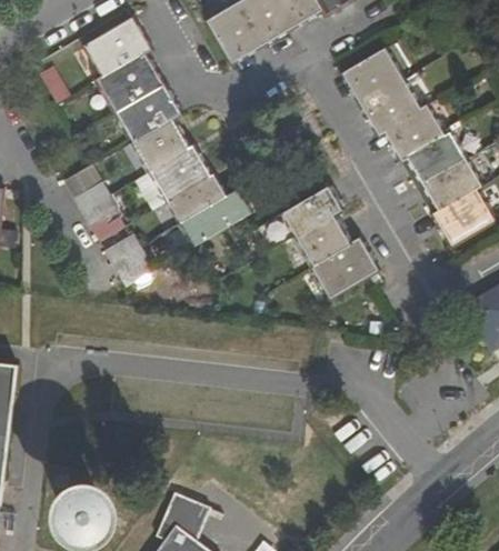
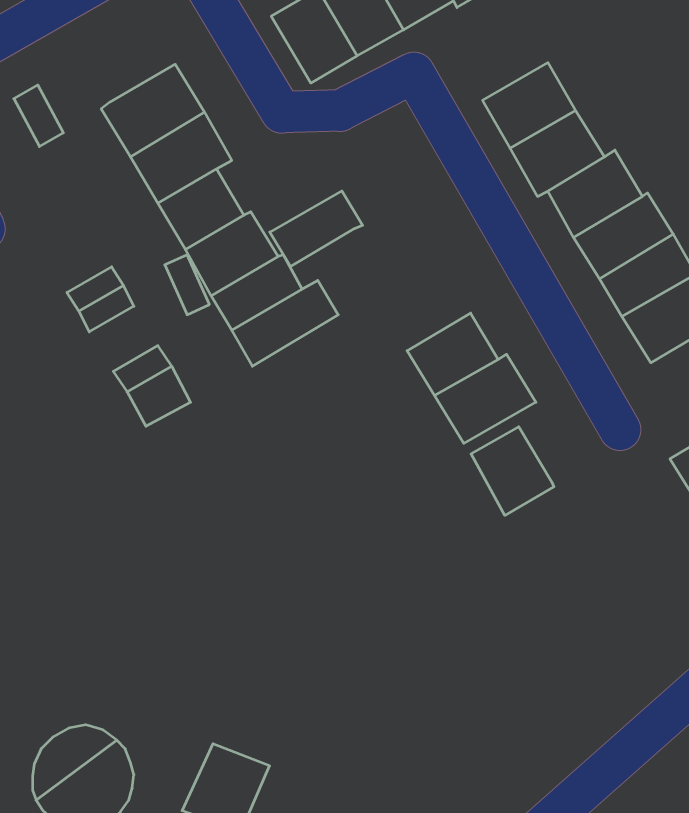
building: [84,17,149,74] -> none
building: [280,187,340,236] -> [270,191,363,266]
building: none -> [471,427,554,515]

